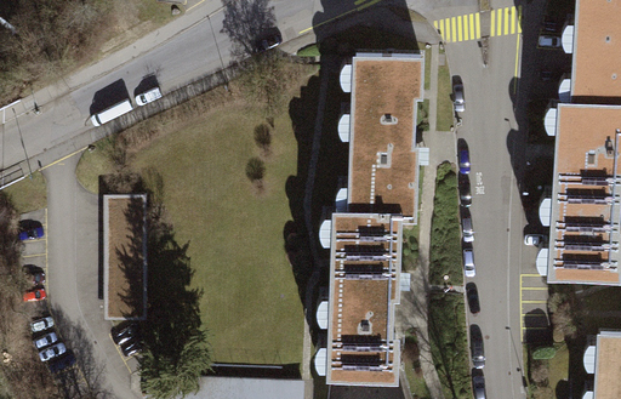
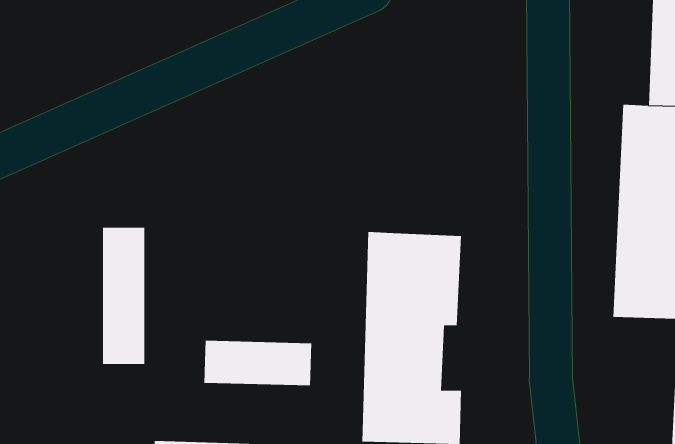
building: [357,56,434,207] -> none
building: none -> [204,340,312,386]

